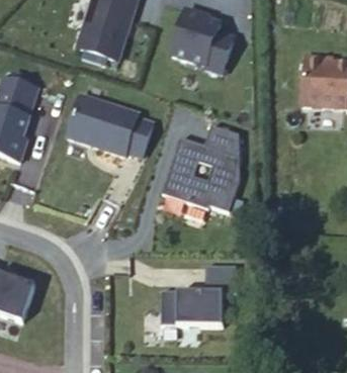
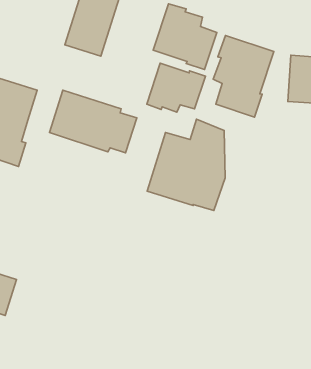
building: none -> [213,35,274,117]
building: none -> [147,63,205,112]
building: [158,265,233,327] -> none

